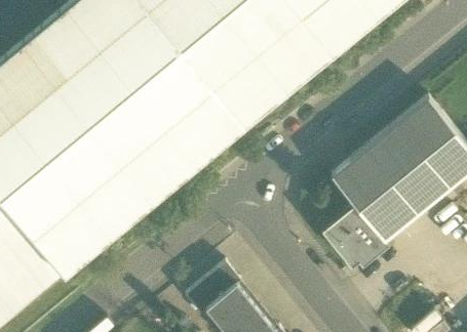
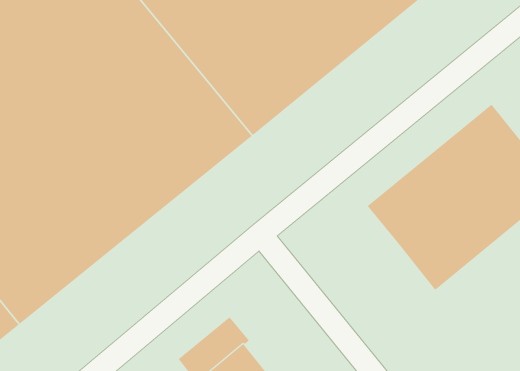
building: [321,203,388,265] -> none

